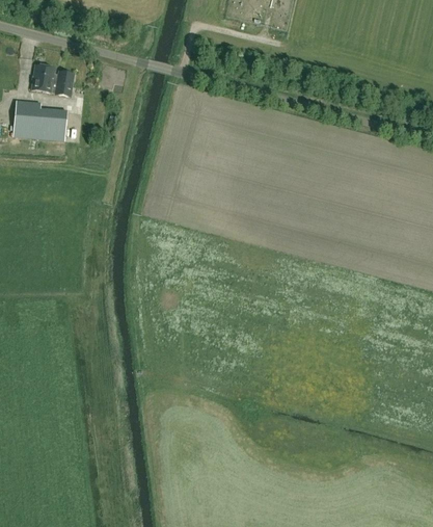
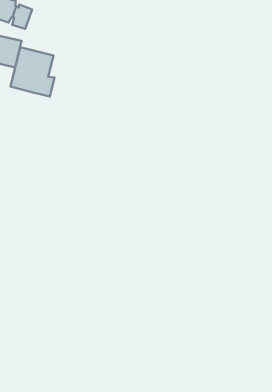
building: none -> [11,47,54,97]

